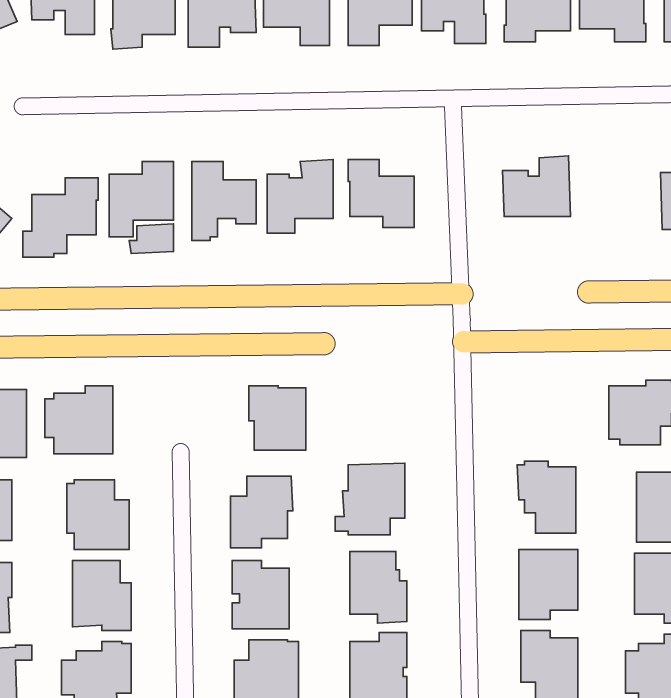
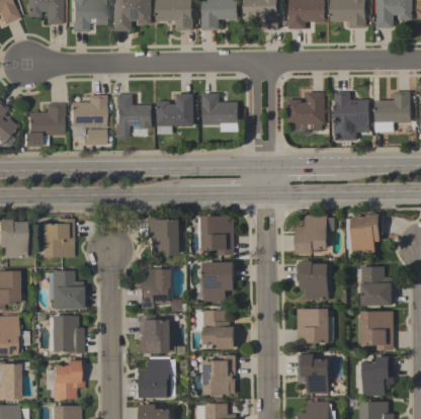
building: none -> [335,93,369,142]
building: none -> [296,216,334,253]
building: none -> [197,218,233,254]

